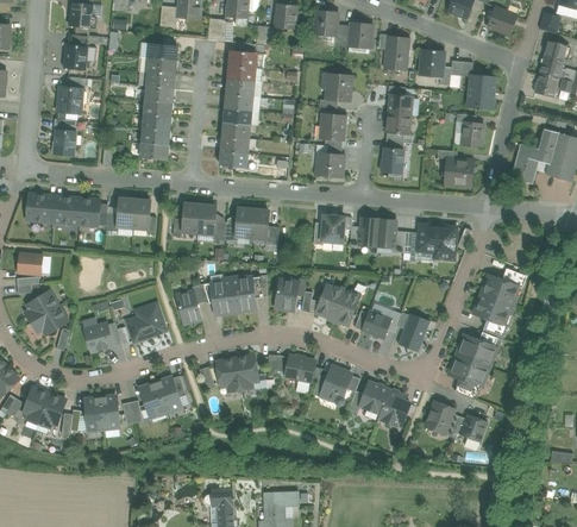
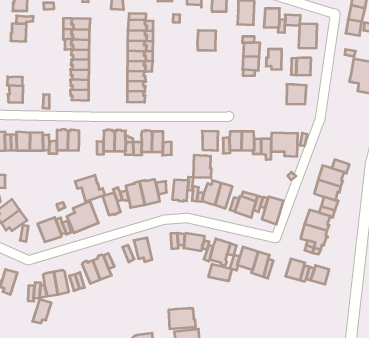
building: [57,87,81,113] -> none
building: [320,114,344,140] -> none
building: [510,144,538,183] -> none
building: [380,148,403,177] -> [266,49,282,69]
building: [315,151,344,178] -> none
building: none -> [194,155,211,178]
building: none -> [75,175,105,202]
building: [234,355,257,389] -> none
building: [37,394,65,427] -> [32,300,51,323]
building: none -> [209,264,232,281]
building: none -> [169,308,195,329]

